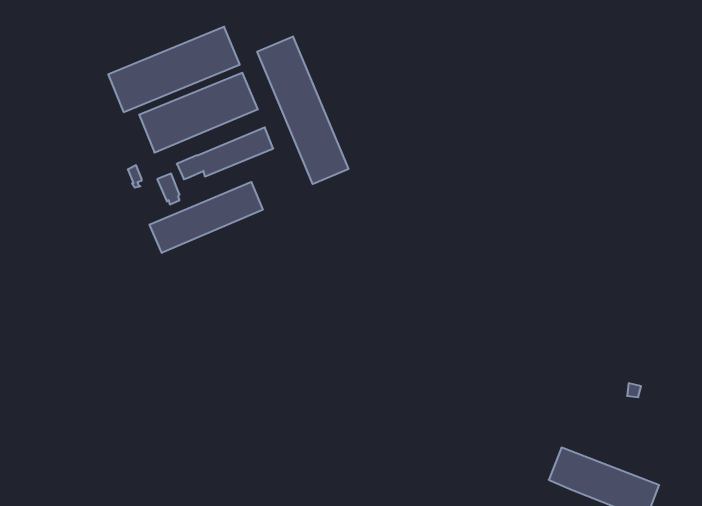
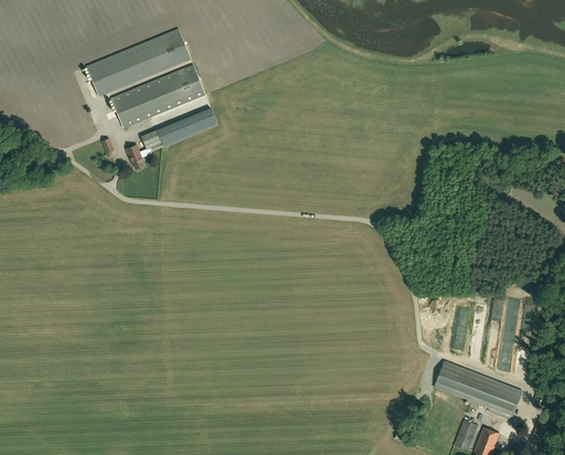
building: [257,36,348,184] -> none
building: [150,182,263,253] -> none

